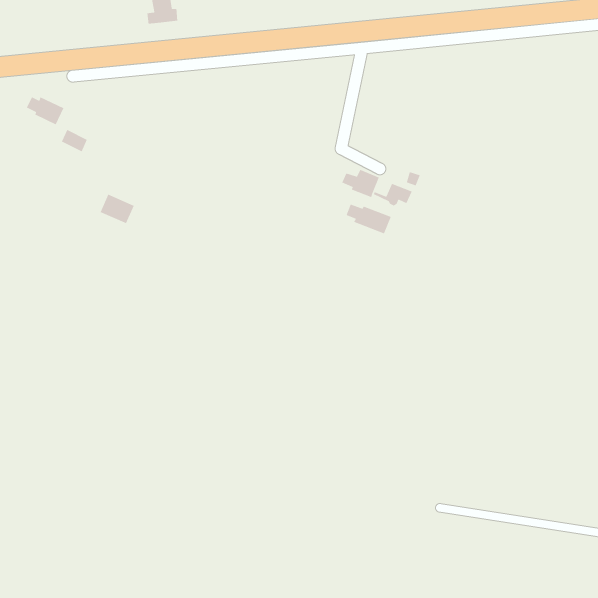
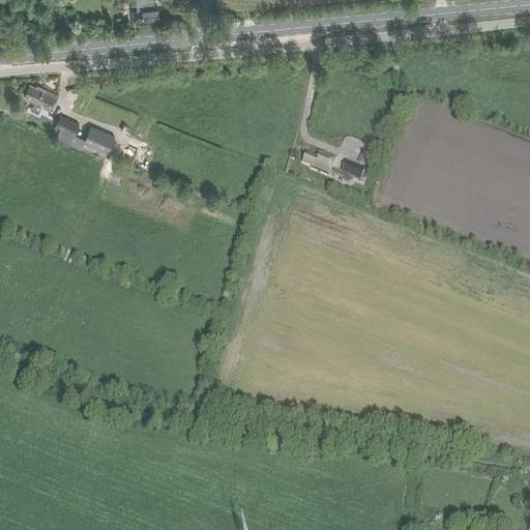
building: [100,194,135,224] -> [82,125,113,152]
building: [346,203,392,235] -> none

